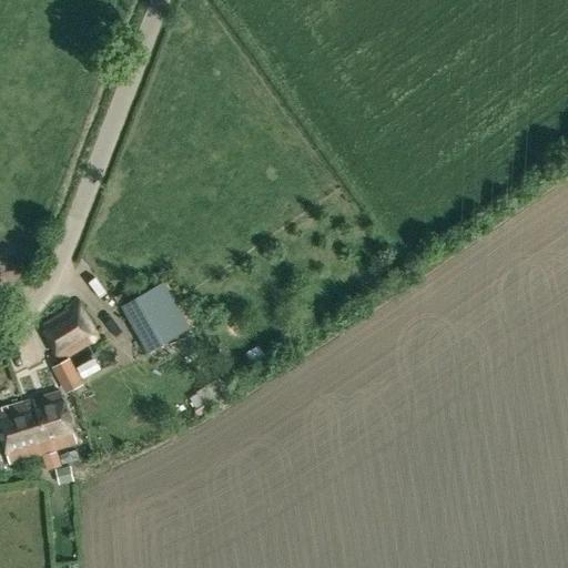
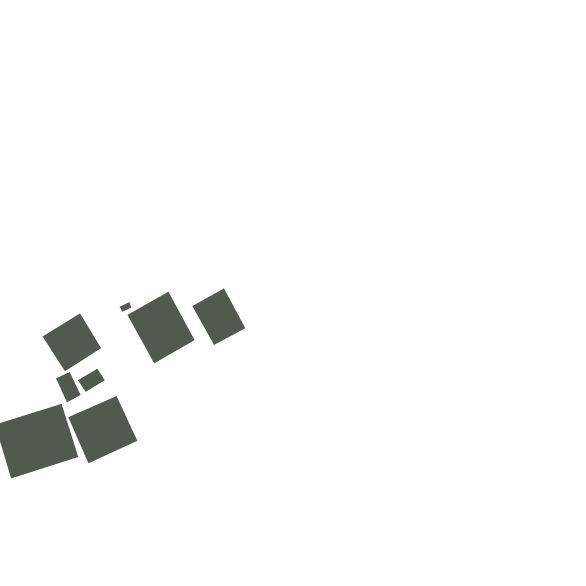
building: none -> [191,288,246,346]
building: none -> [67,395,138,464]

